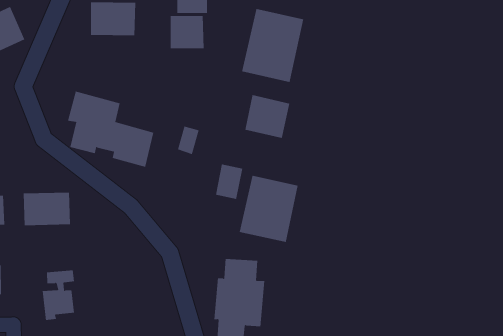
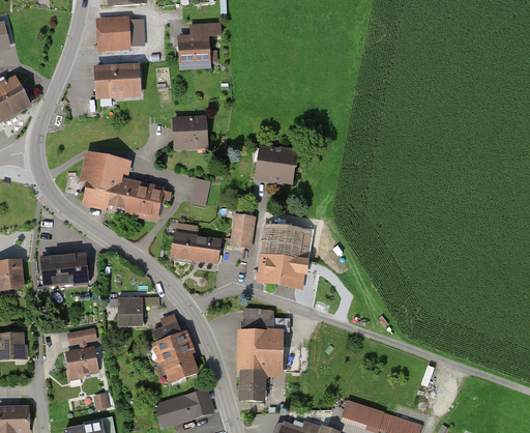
building: [241,8,304,83] -> none
building: [170,15,204,49] -> [172,115,208,150]
building: none -> [170,232,222,264]
building: none -> [117,296,158,327]
building: none -> [150,315,199,381]

